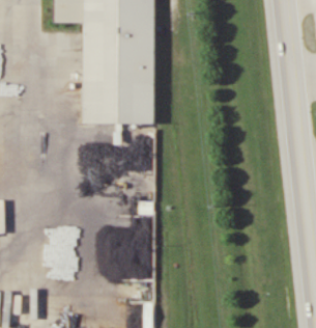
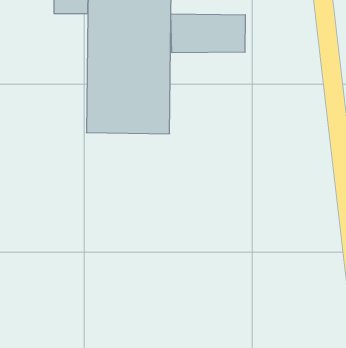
building: none -> [171,14,245,53]

